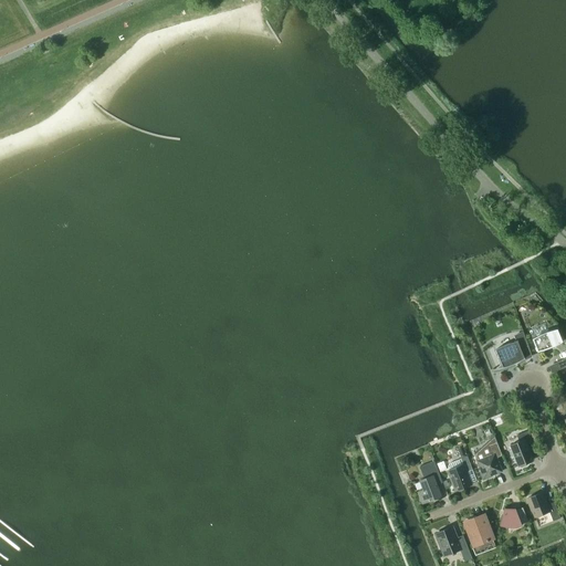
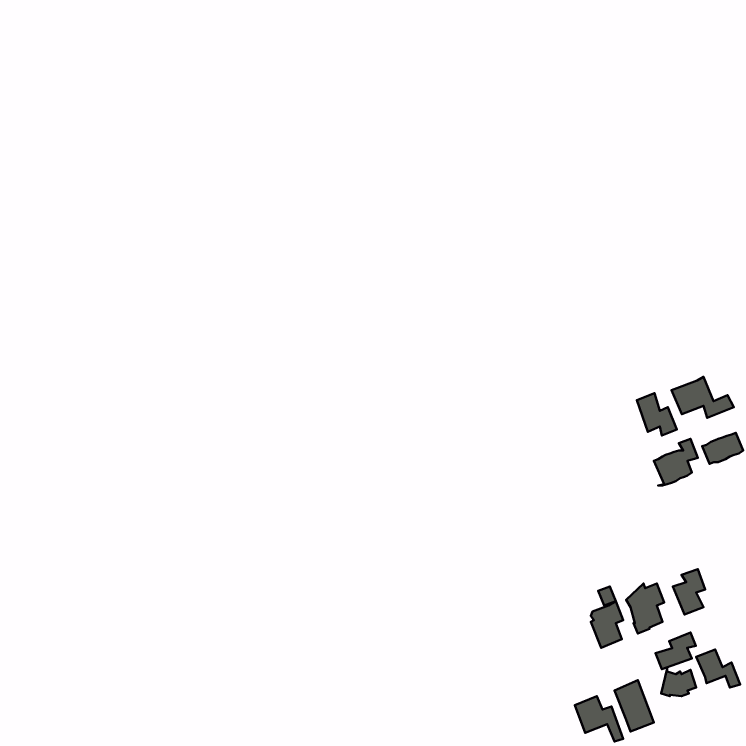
building: none -> [672,377,734,418]
building: none -> [637,393,677,436]
building: [417,461,440,503] -> none
building: none -> [656,632,696,669]

